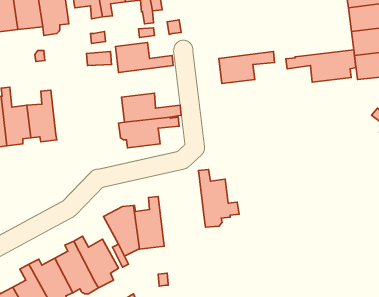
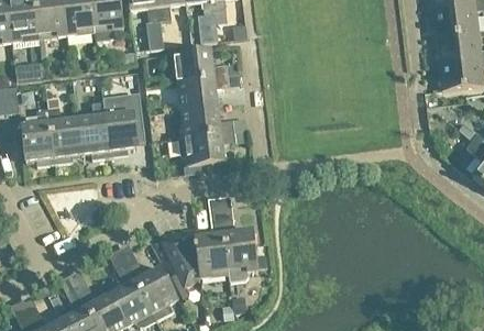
building: [286,50,356,82] -> none
building: [219,52,275,83] -> [178,74,240,109]
building: none -> [103,100,138,156]
building: [198,169,239,227] -> [222,218,267,282]

